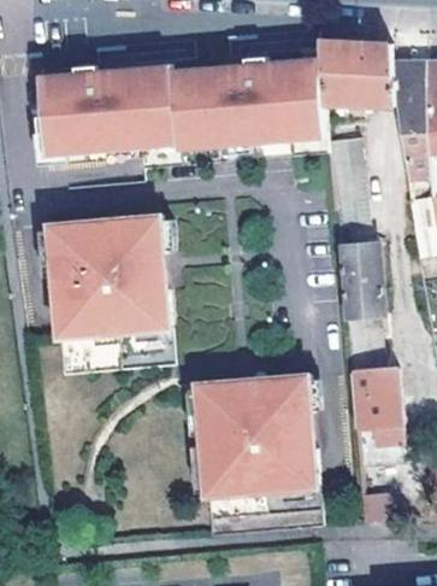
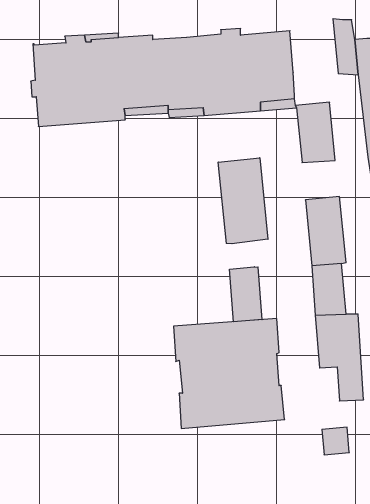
building: [320,41,374,105] -> none
building: none -> [218,158,268,244]
building: [48,213,169,335] -> none
building: none -> [230,267,262,322]

